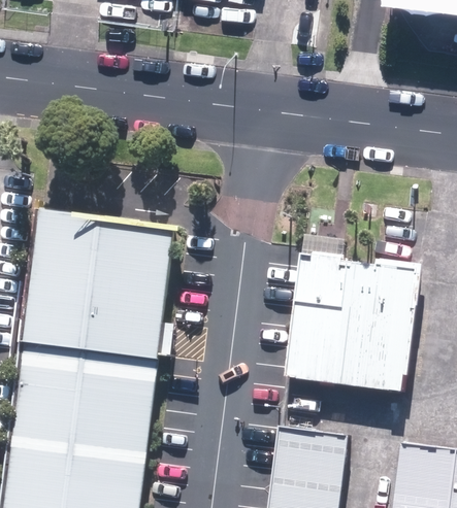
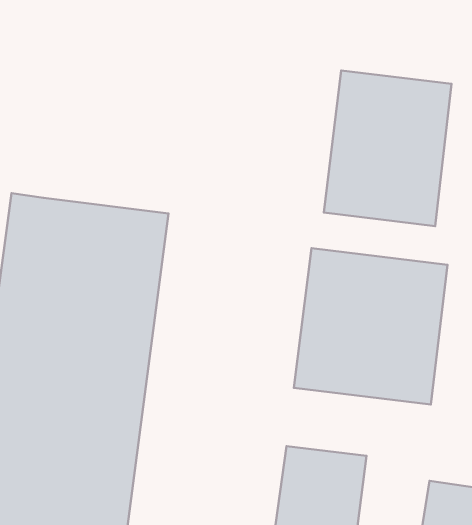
building: none -> [324,71,452,226]

